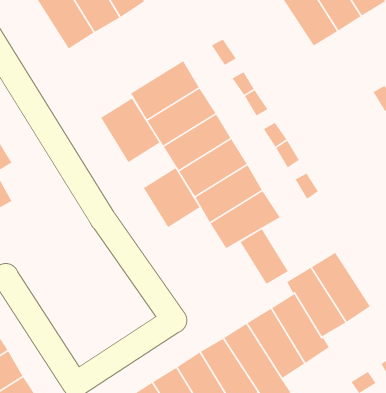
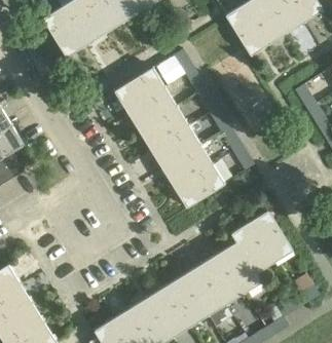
building: [100,97,160,163] -> none
building: [143,167,201,228] -> none
building: [239,228,289,285] -> none

